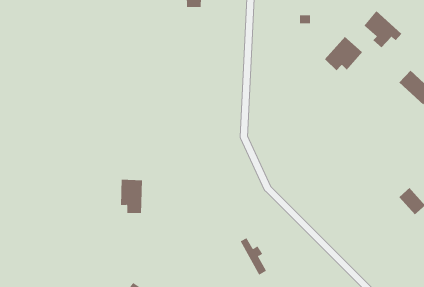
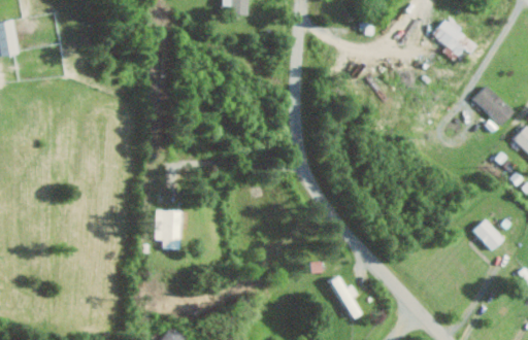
building: [324,36,363,71] -> none
building: [240,238,267,275] -> [330,276,361,319]

